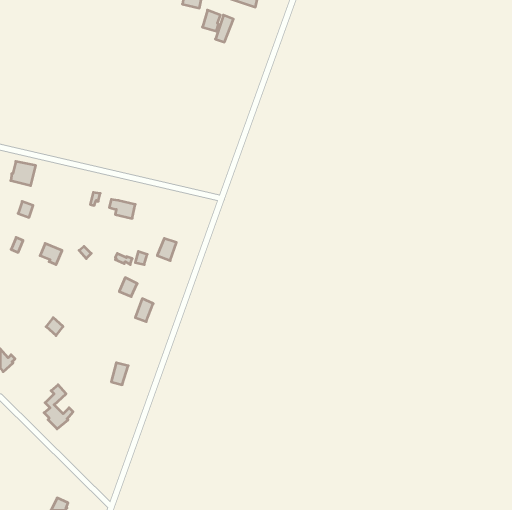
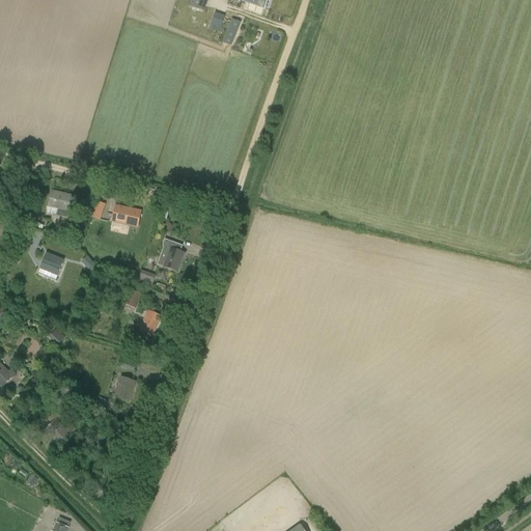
building: [11,161,36,186] -> [46,192,72,217]

